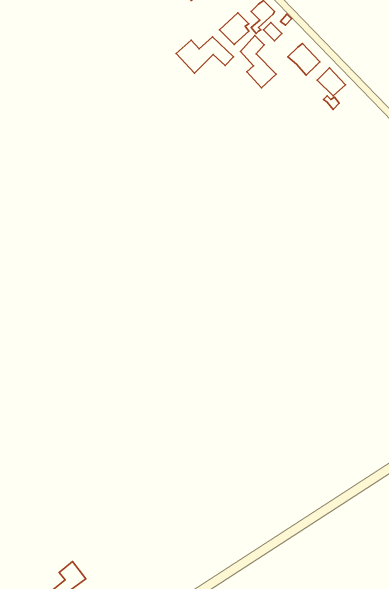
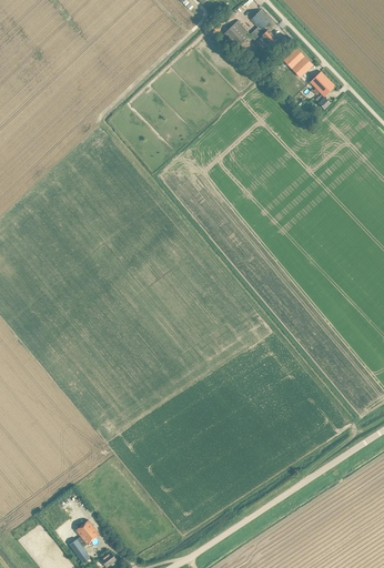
building: [240,35,276,88] -> none
building: [176,37,234,73] -> none

